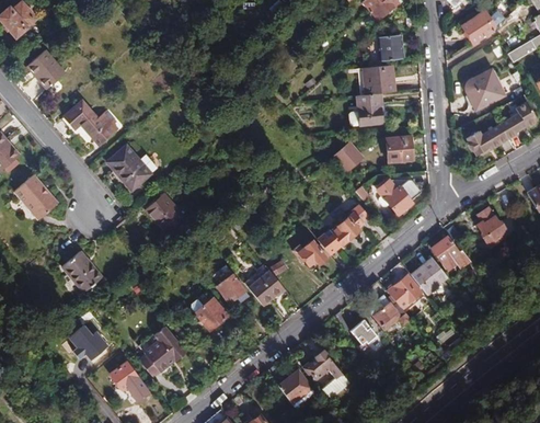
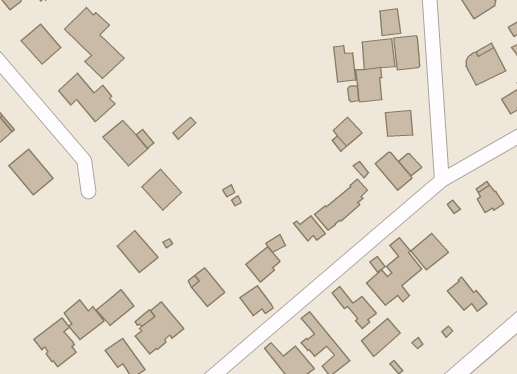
building: none -> [65,7,124,79]
building: none -> [394,36,420,70]
building: none -> [334,45,355,82]
building: [468,125,509,157] -> none
building: [433,236,472,270] -> [447,277,487,311]
building: [61,251,102,293] -> [117,231,158,273]
building: [215,274,248,304] -> [240,286,273,316]
building: none -> [96,290,134,326]
building: none -> [34,318,76,367]
building: none -> [361,318,400,356]

